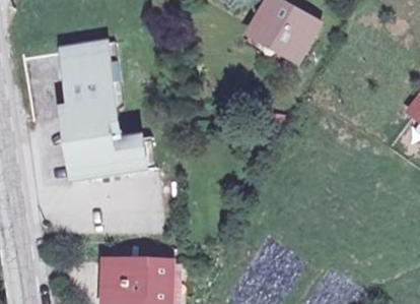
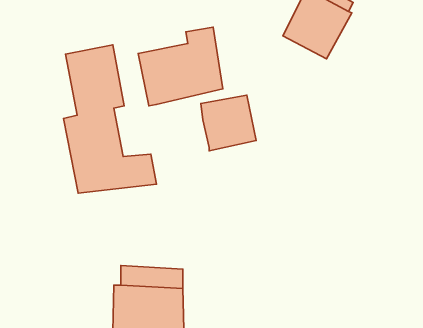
building: none -> [138,27,223,106]
building: none -> [201,95,256,151]

